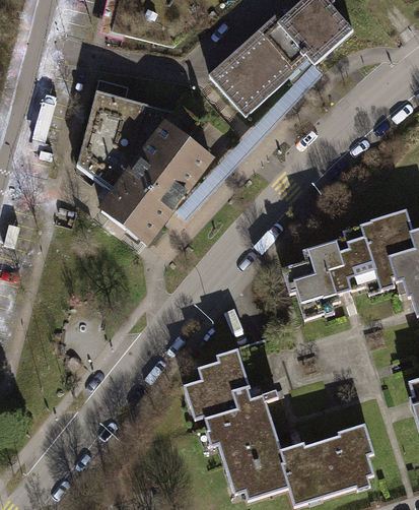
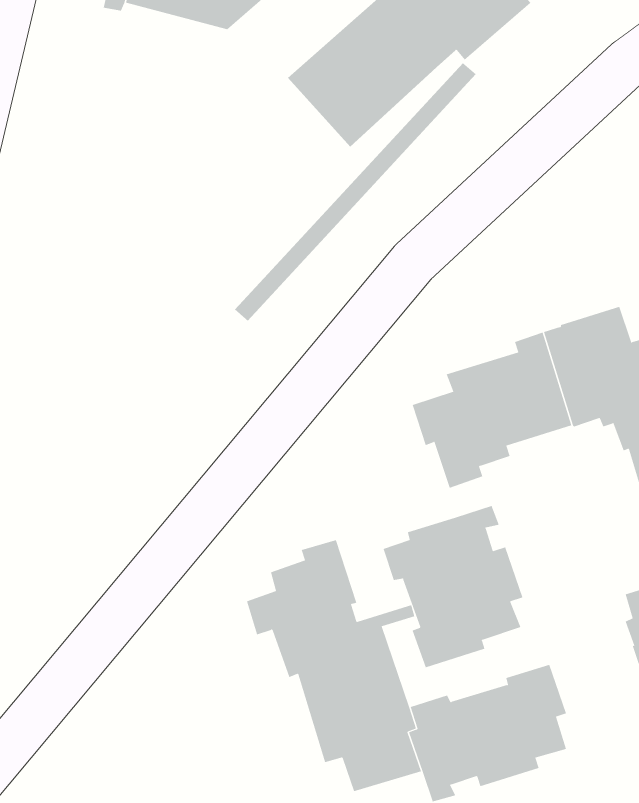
building: [76,79,211,243] -> none
building: none -> [383,505,523,668]

